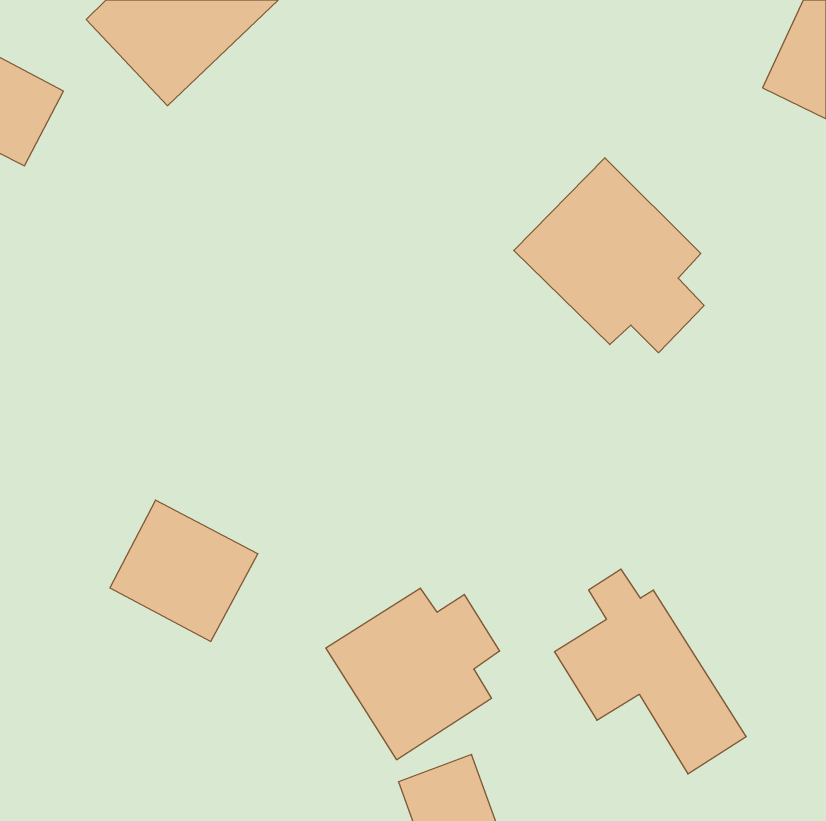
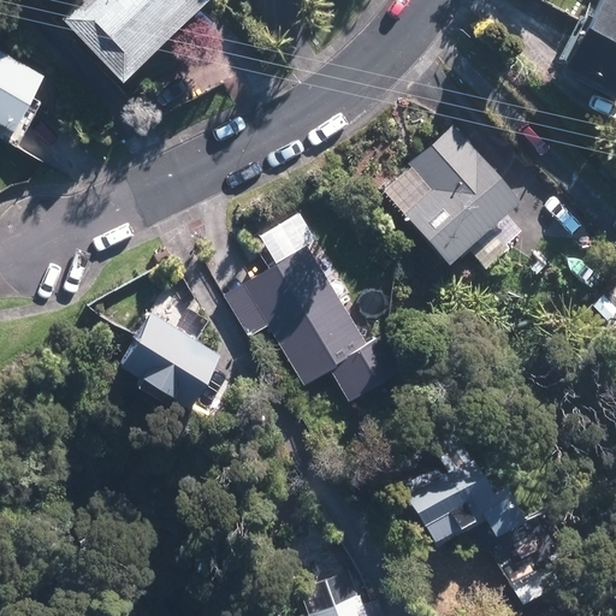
building: none -> [219,243,389,401]
building: [110,500,258,641] -> [117,302,226,407]
building: [326,588,500,760] -> none

